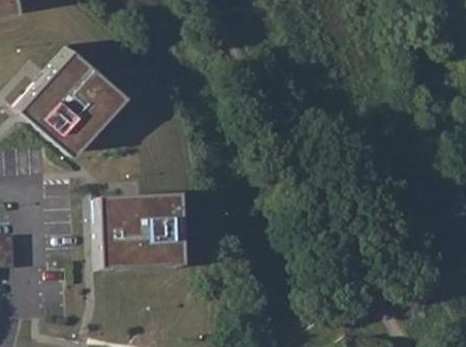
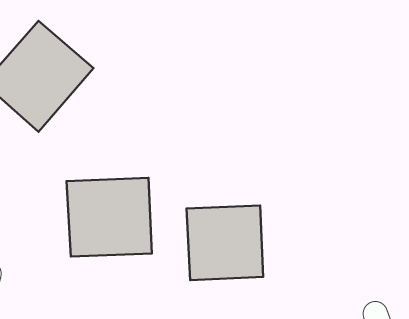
building: none -> [187,205,263,280]

